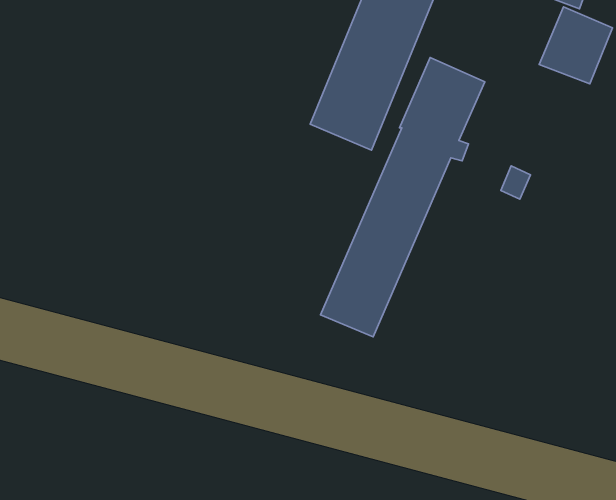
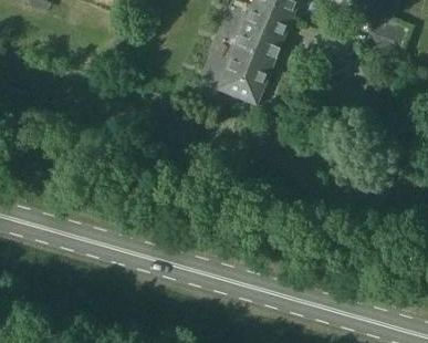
building: [320,58,485,337] -> none

